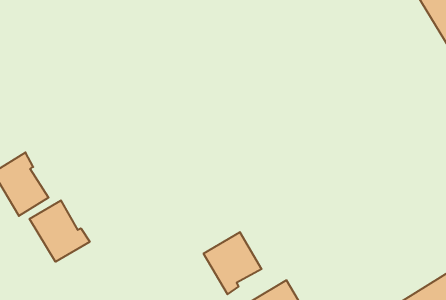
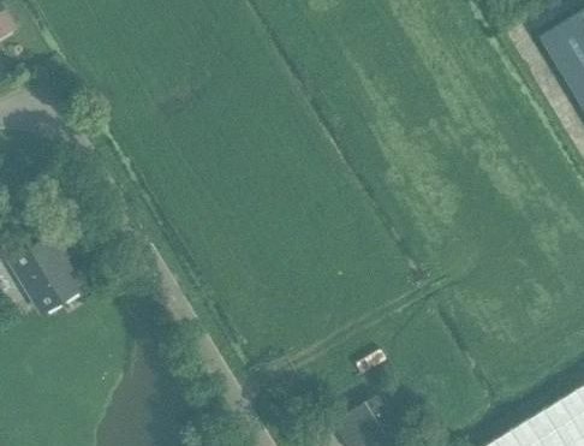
building: [30,200,90,262] -> none
building: [204,232,262,294] -> none

